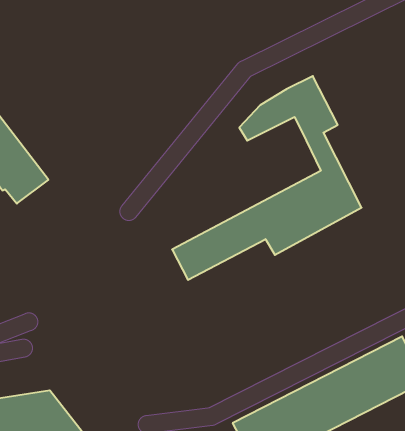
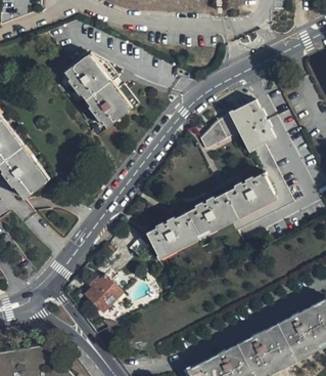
building: none -> [64,54,130,127]
building: none -> [83,274,123,315]

